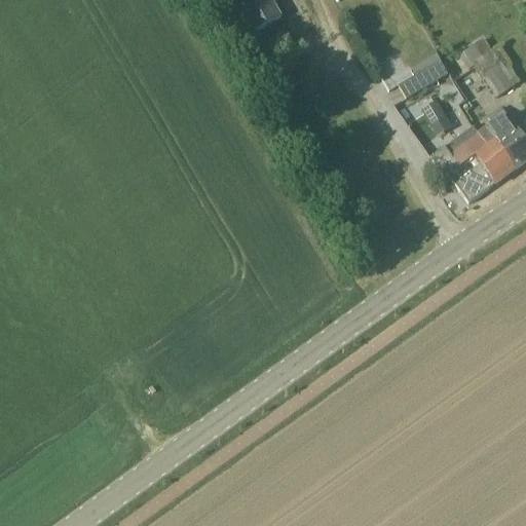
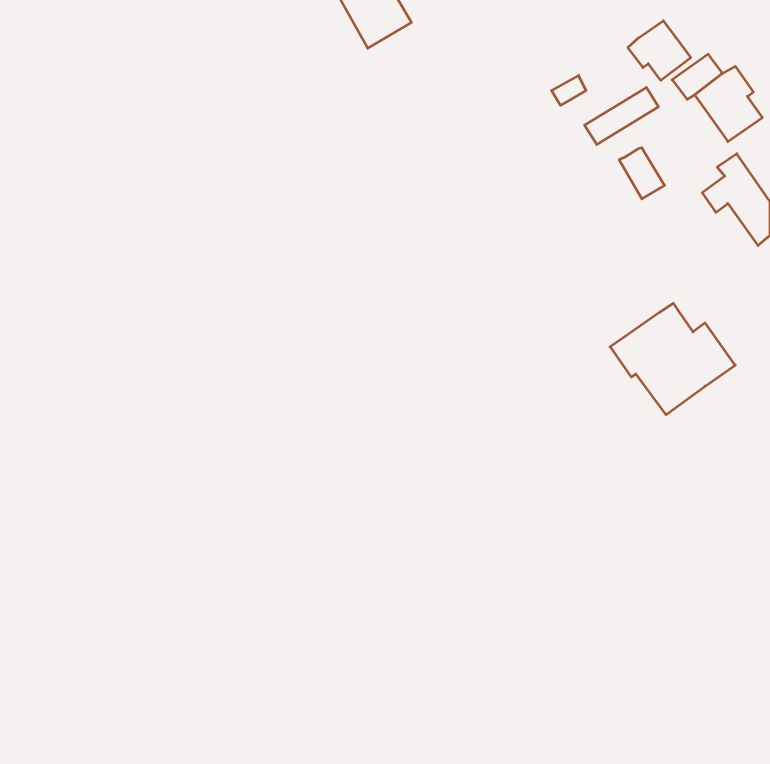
building: none -> [628,21,691,80]
building: [431,125,517,201] -> [610,303,735,415]

